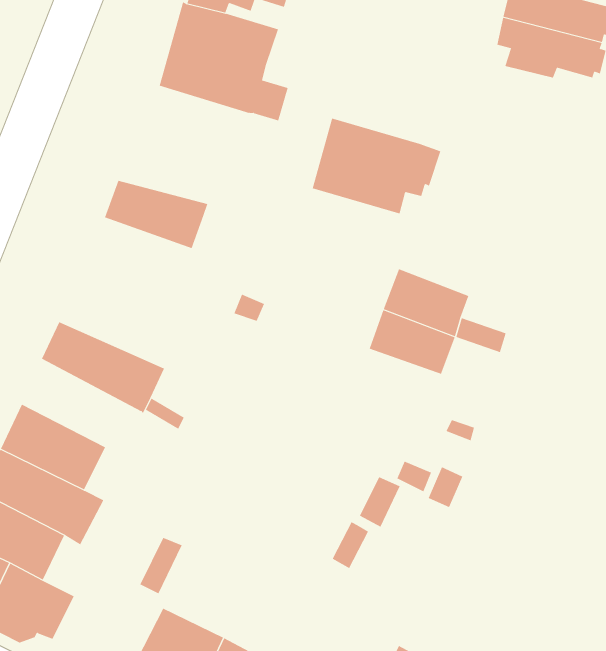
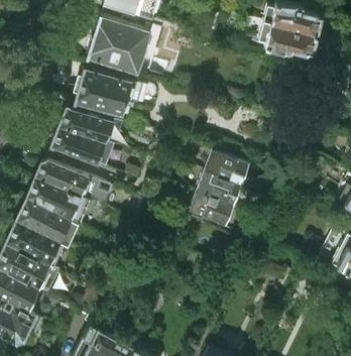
building: [312,118,441,214] -> [74,70,140,119]
building: none -> [50,127,105,167]
building: none -> [35,163,106,209]
building: none -> [187,195,232,229]
building: none -> [16,200,78,245]

